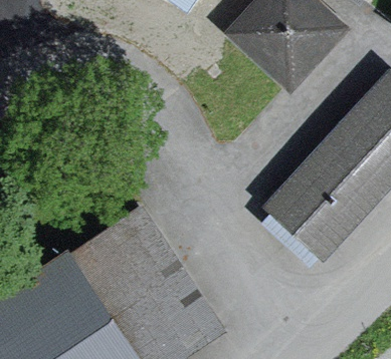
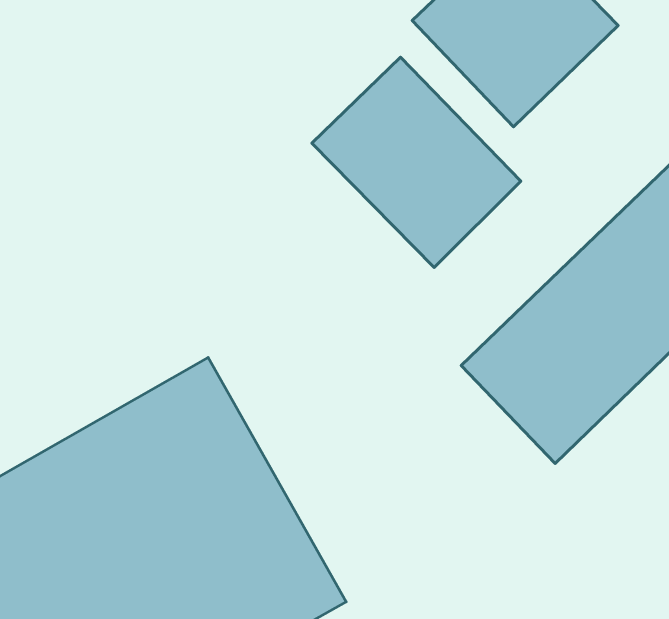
building: none -> [312,57,521,267]

